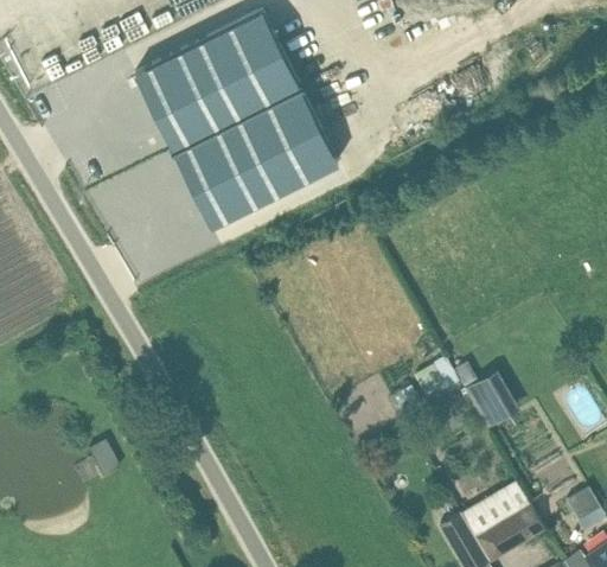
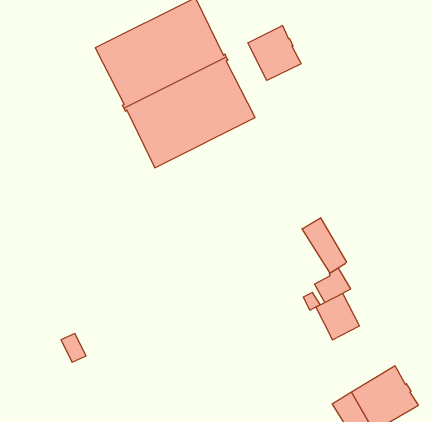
building: none -> [248,25,301,80]
building: none -> [302,218,347,273]
building: [464,372,519,432] -> [316,293,359,340]

